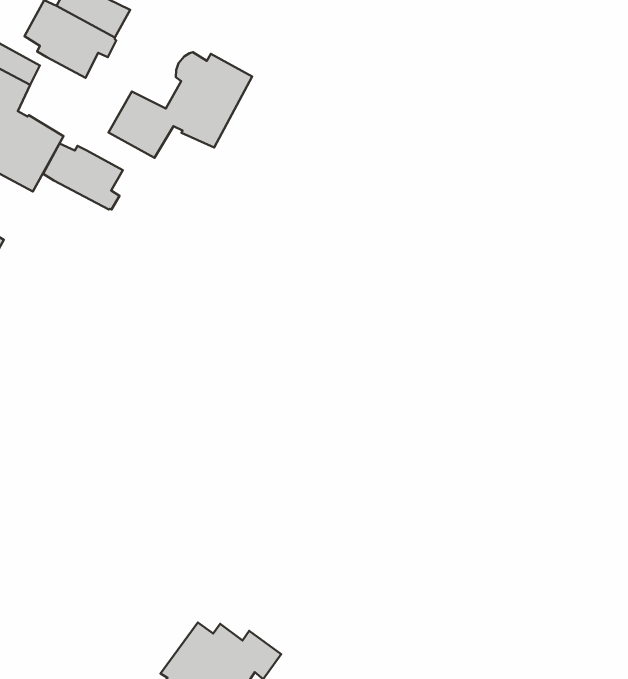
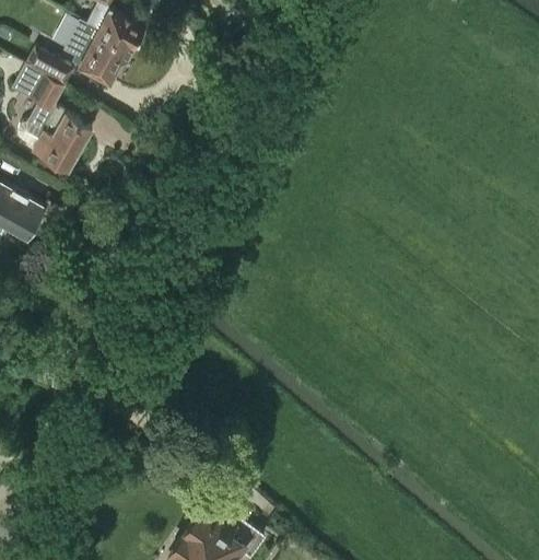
building: [109,52,252,158] -> none
building: [43,143,123,210] -> none

